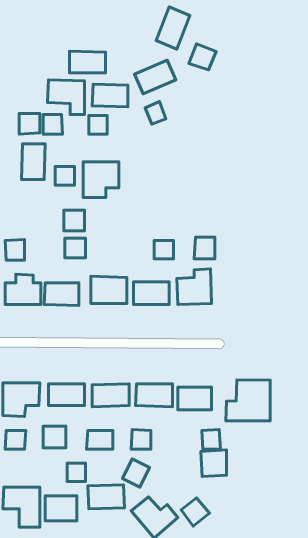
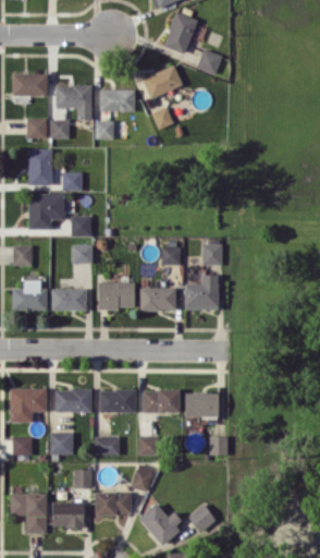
building: [70,51,105,73] -> [12,74,48,96]
building: [83,162,119,198] -> [28,194,64,230]
building: [226,380,270,421] -> none
building: [201,450,227,477] -> none

